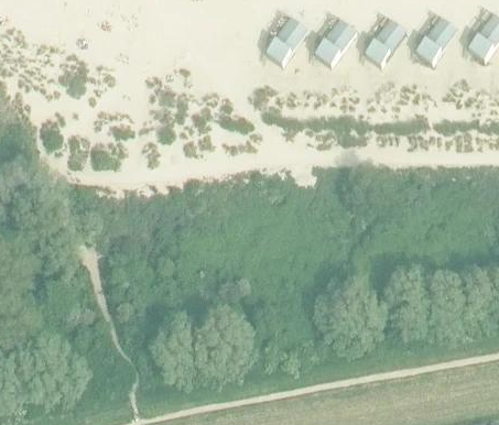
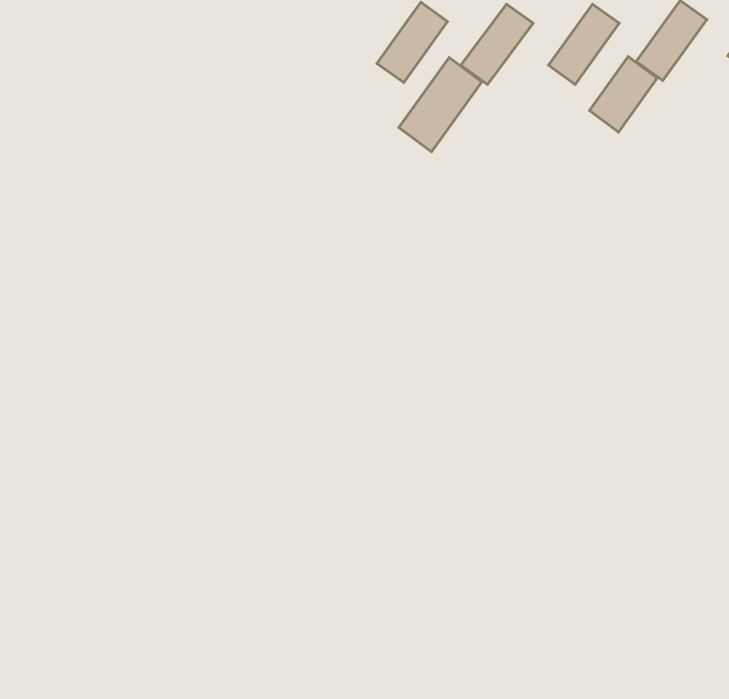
building: none -> [589,57,657,132]
building: none -> [399,58,482,152]

